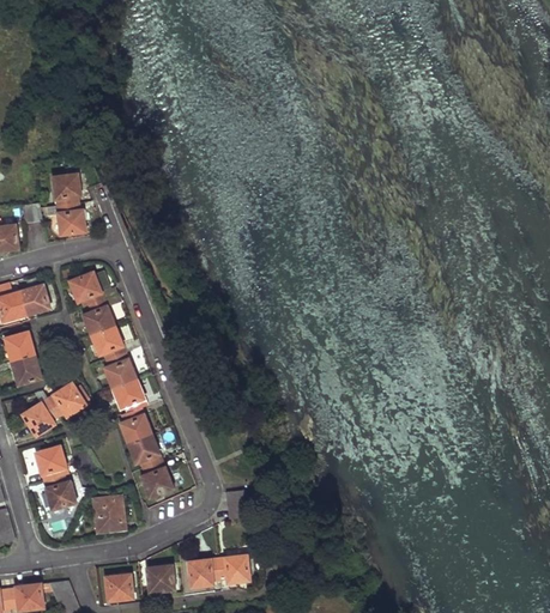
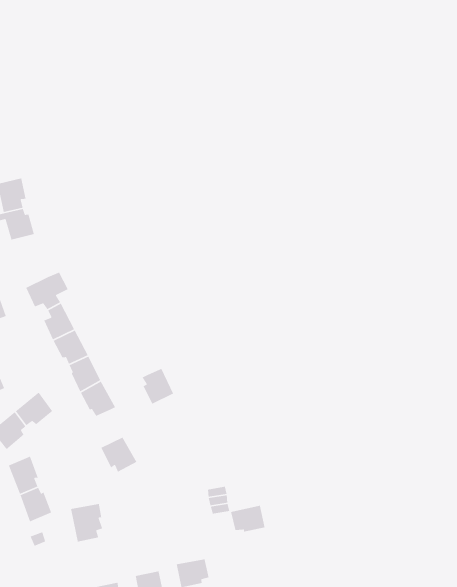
building: [120,408,150,443] -> [142,368,174,405]
building: [140,461,173,498] -> none
building: [218,557,250,582] -> [230,505,265,533]

